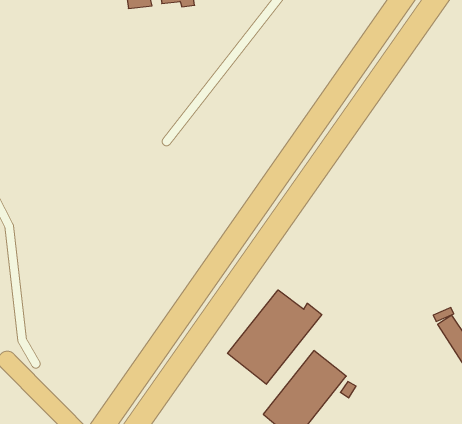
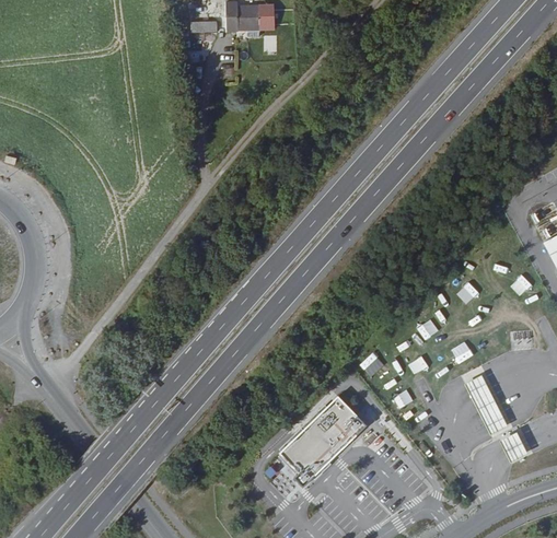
building: [228,290,322,384] -> none

